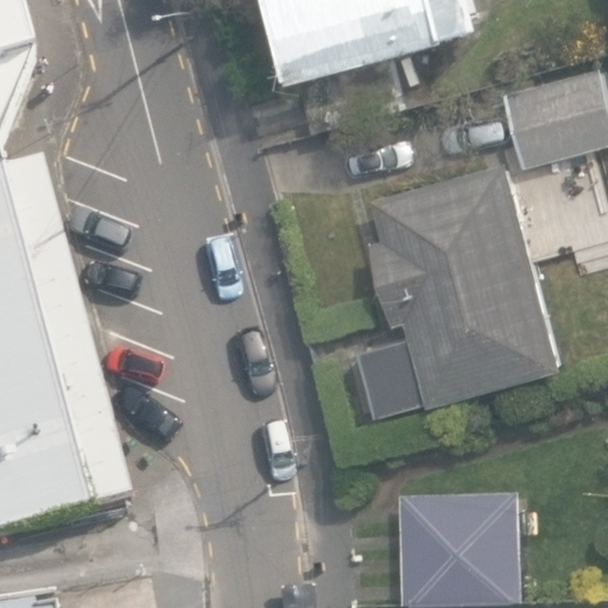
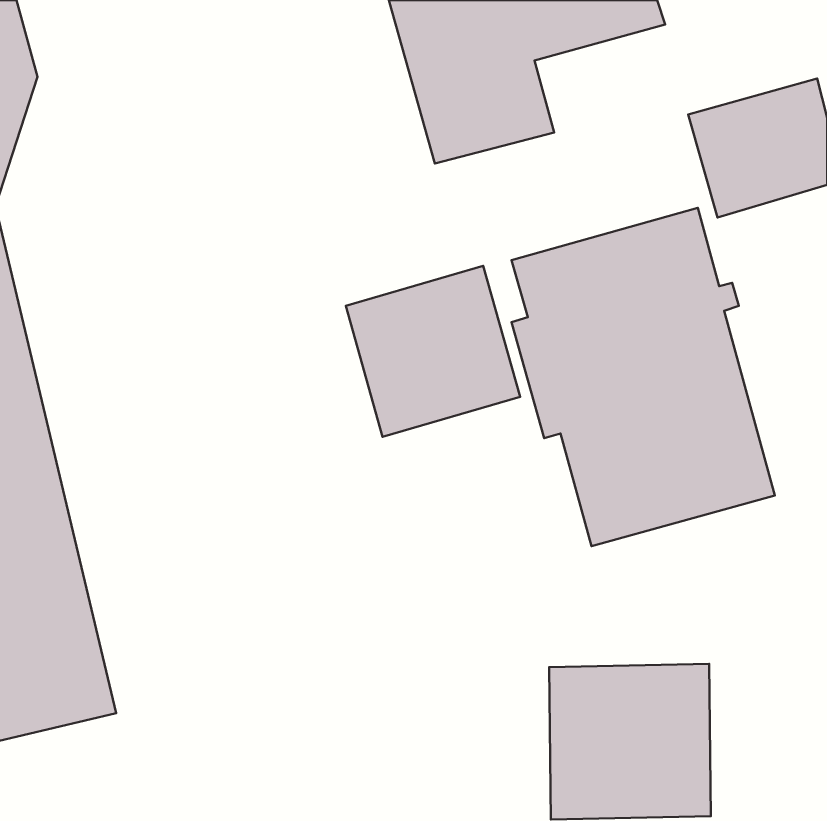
building: none -> [346,266,520,437]

